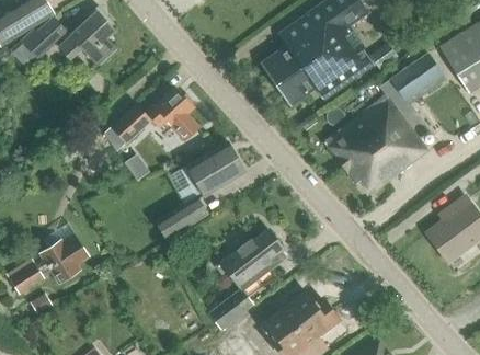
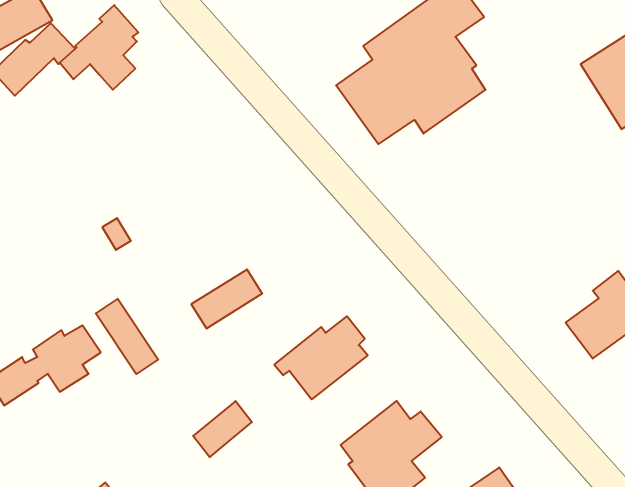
building: [321,53,445,195] -> none
building: [110,89,198,145] -> none
building: [185,141,244,196] -> none
building: none -> [96,299,158,374]
building: [209,289,252,330] -> [193,401,252,457]

